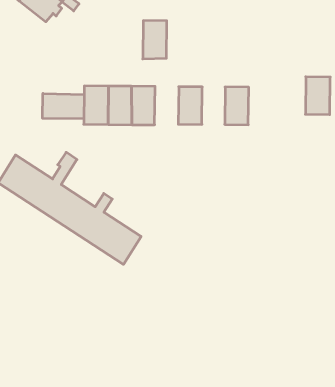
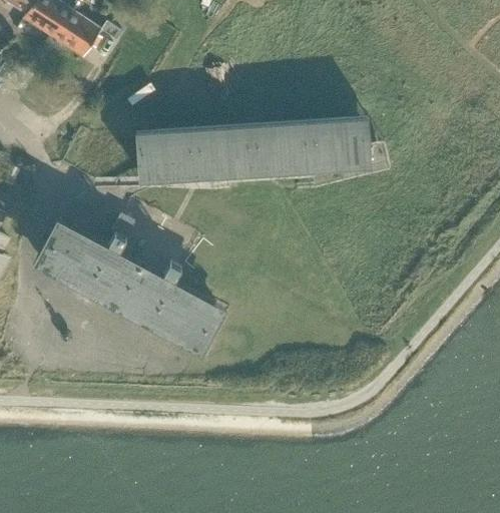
building: [143,21,167,59] -> [222,126,255,175]
building: [305,77,330,115] -> [338,118,371,166]
building: none -> [281,122,312,170]
building: [43,93,84,119] -> none

